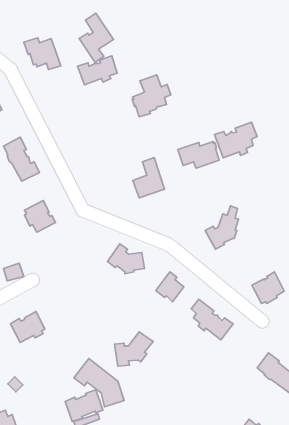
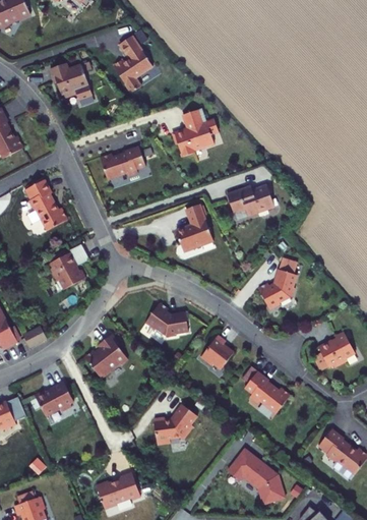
building: [78,56,117,85] -> [100,145,145,178]
building: [214,122,257,158] -> none
building: none -> [85,335,128,379]
building: [74,358,124,407] -> [227,448,285,504]

